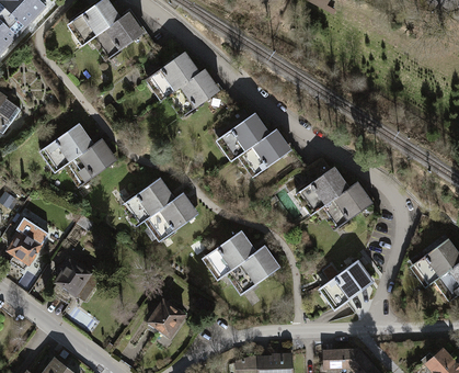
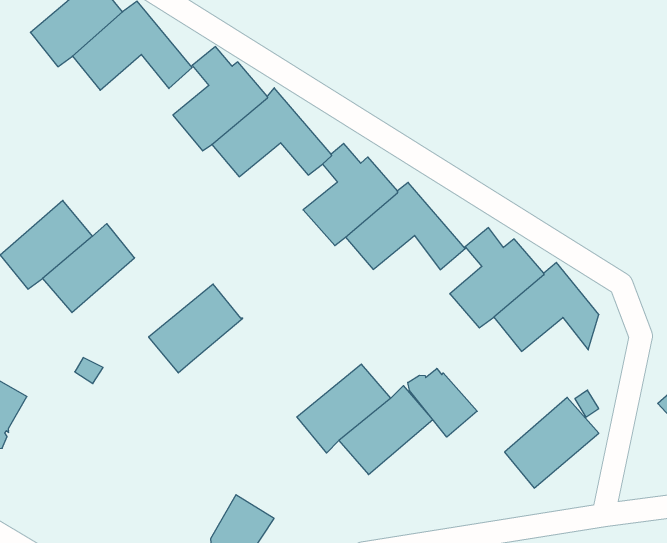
building: [145,192,197,241] -> none
building: none -> [408,368,477,437]
building: [51,261,97,304] -> none

